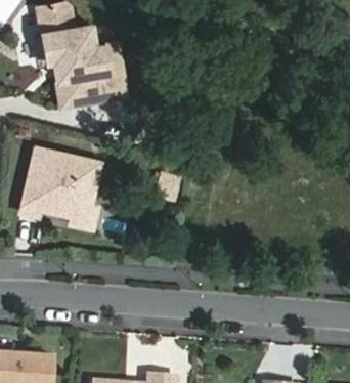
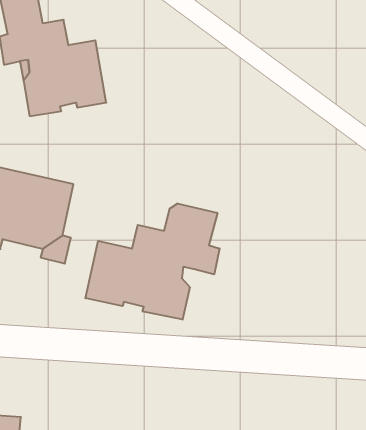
building: none -> [85,203,220,320]

